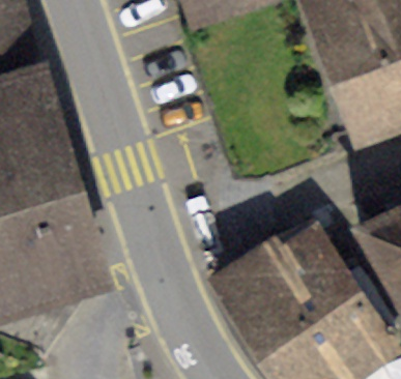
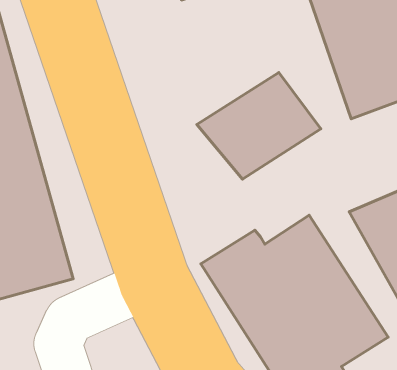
building: none -> [197,73,321,179]

